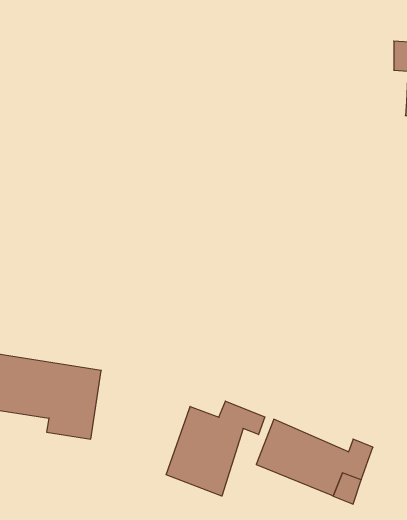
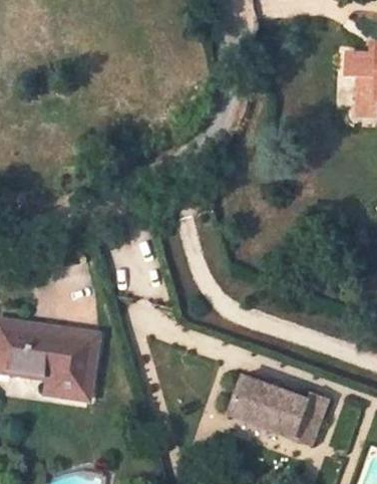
building: [166,401,265,496] -> none

